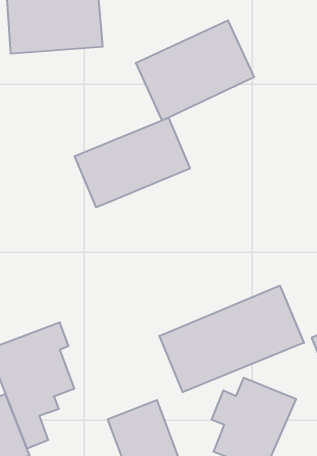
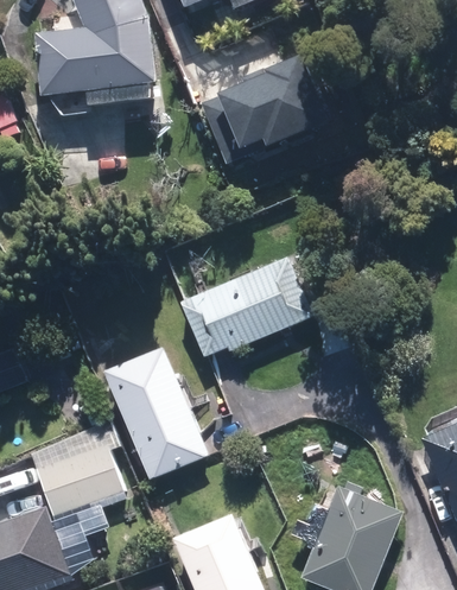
building: [74,118,190,207] -> [174,253,316,362]
building: none -> [97,345,203,478]
building: [159,286,304,392] -> none

